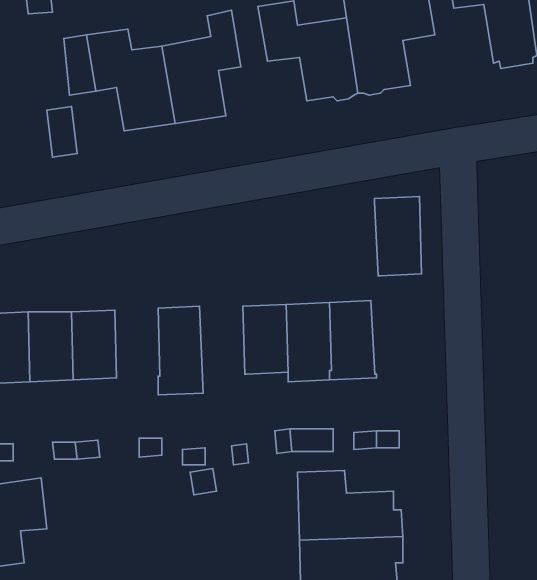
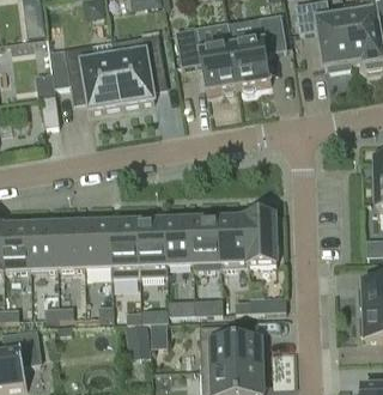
building: [374,197,422,276] -> [247,213,276,263]
building: none -> [138,220,169,275]
building: none -> [84,221,113,266]

